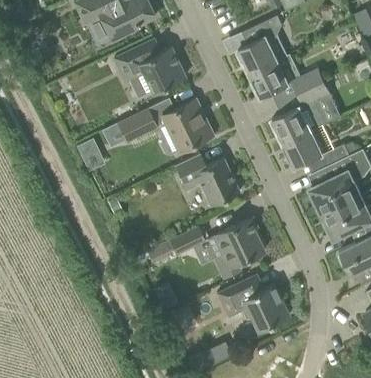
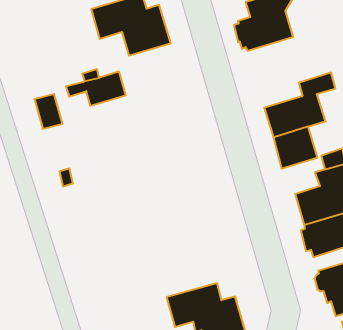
building: [248,54,325,98] -> none
building: [160,100,208,153] -> none
building: [175,154,240,207] -> none
building: [213,219,264,279] -> none
building: [146,226,205,264] -> none

